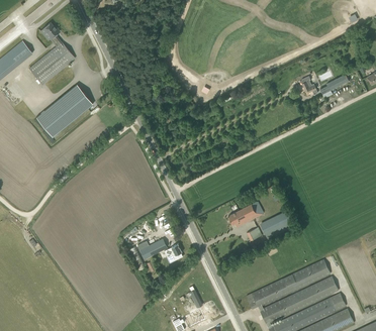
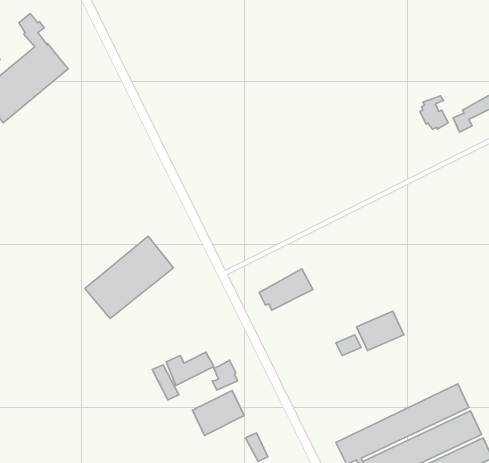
building: [36,84,93,136] -> [85,236,173,319]
building: [228,201,263,227] -> [259,269,313,310]
building: none -> [193,390,244,435]

